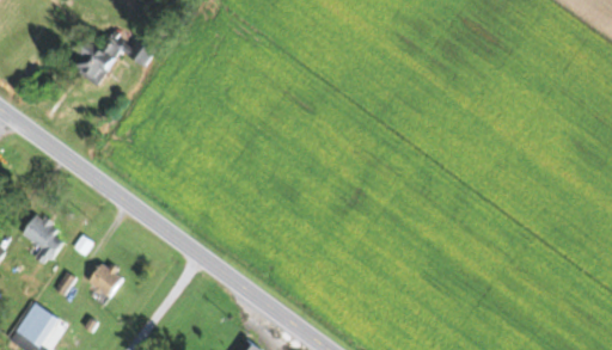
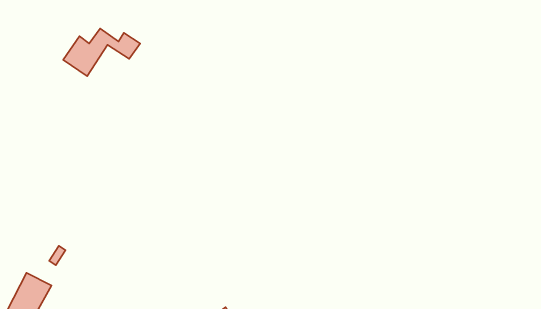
building: [24,214,61,264] -> none
building: [88,262,124,297] -> none

